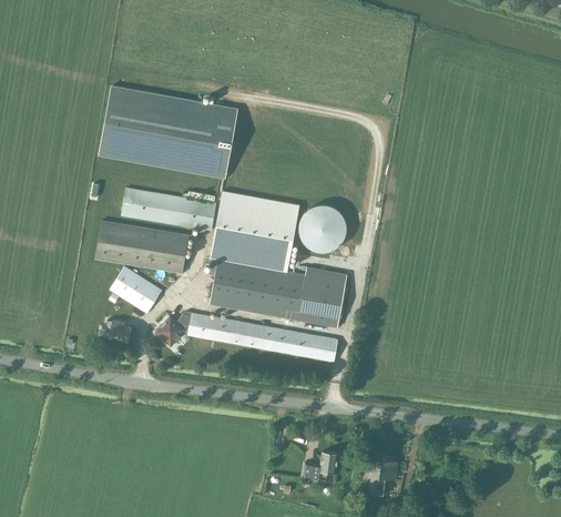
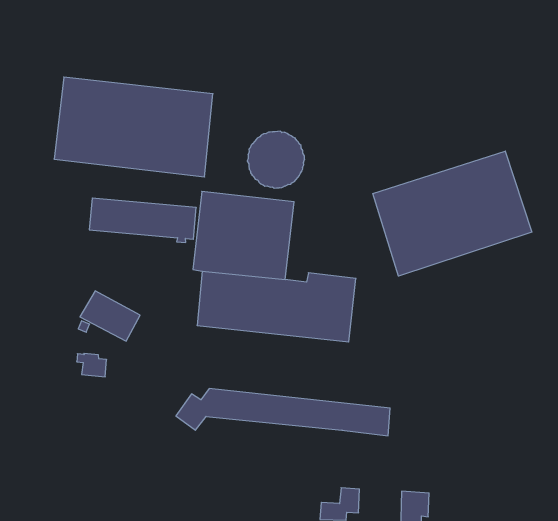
building: none -> [373,151,532,276]
building: [298,204,347,252] -> [247,131,305,188]
building: [94,220,187,272] -> none
building: [155,312,337,363] -> [176,389,390,436]

